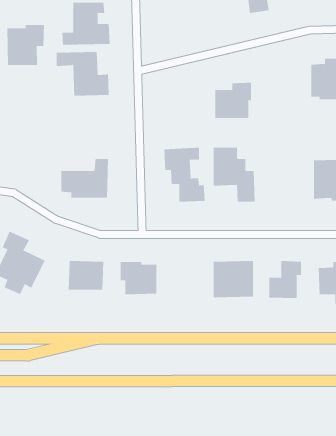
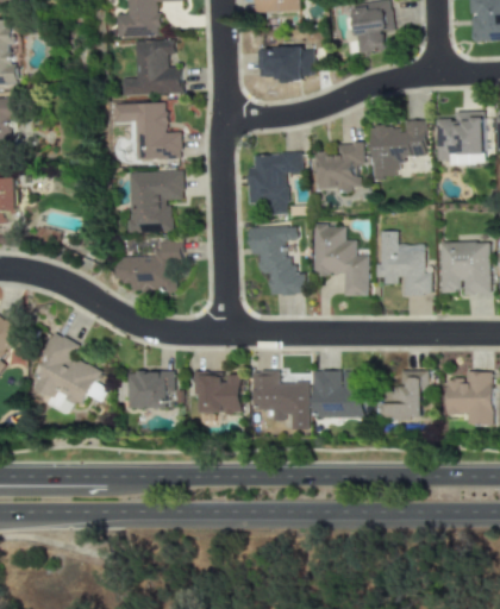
building: none -> [257,46,314,80]
building: [7,24,44,66] -> none
building: none -> [371,120,426,177]
building: none -> [248,152,301,213]
building: none -> [126,170,183,232]
building: none -> [379,231,431,294]
building: none -> [252,371,308,431]

